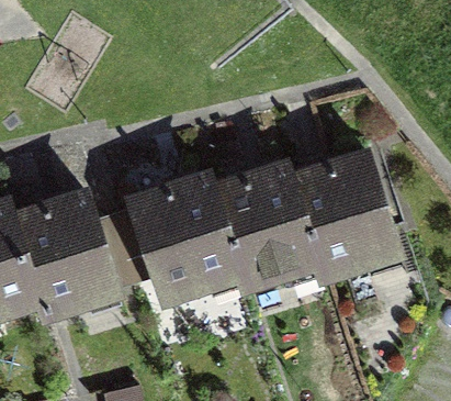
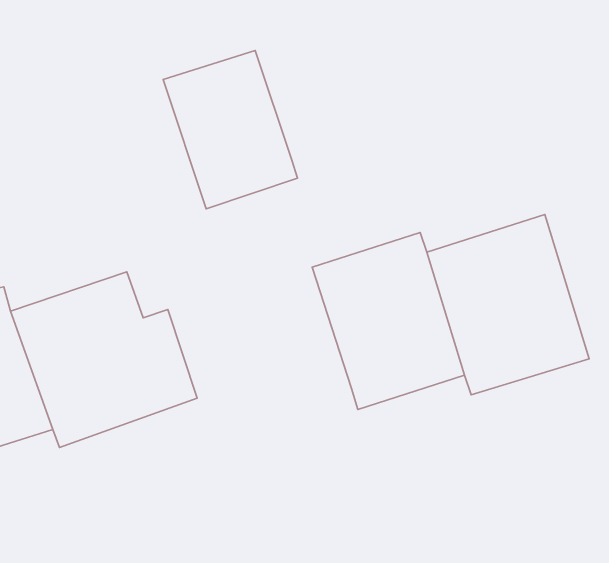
building: none -> [163,50,297,209]
building: [115,178,238,301] -> none

